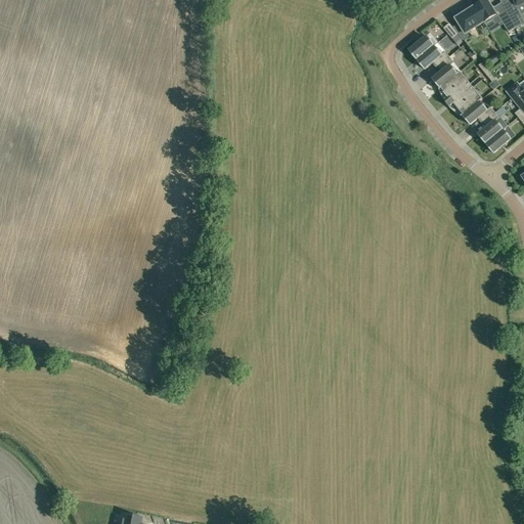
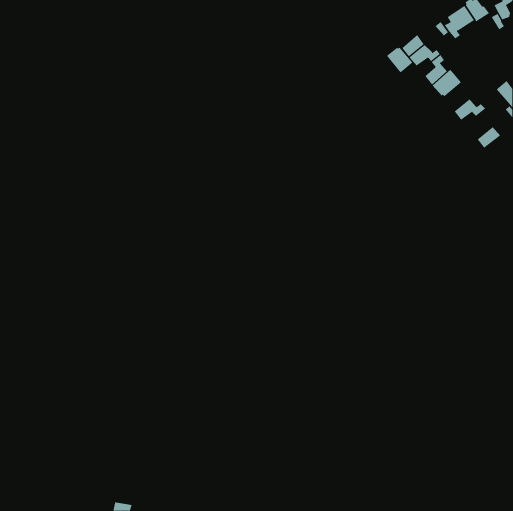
building: none -> [386,46,413,73]
building: [452,84,483,114] -> none
building: [478,111,508,142] -> none

